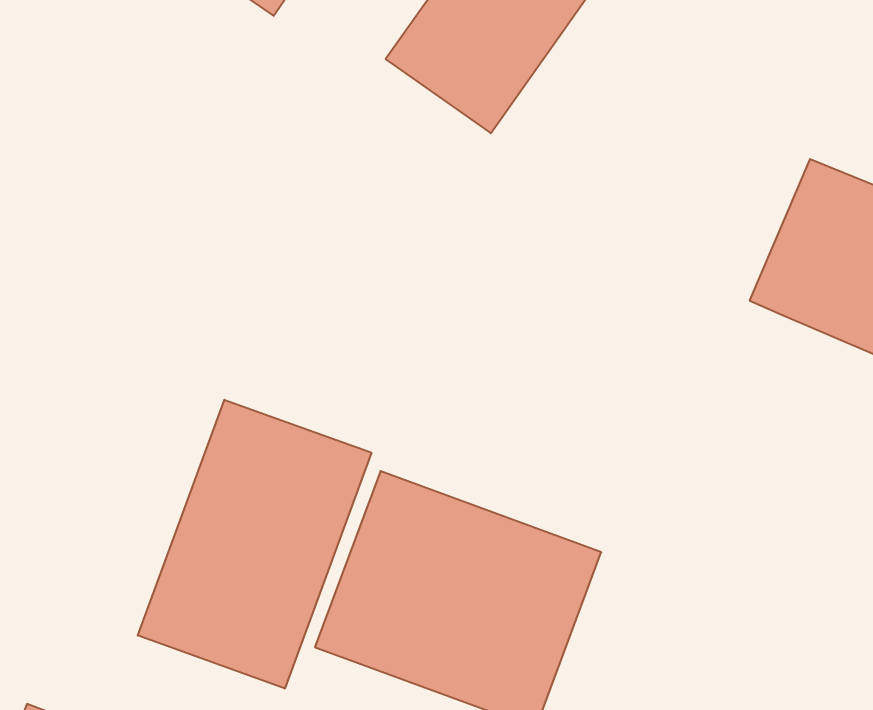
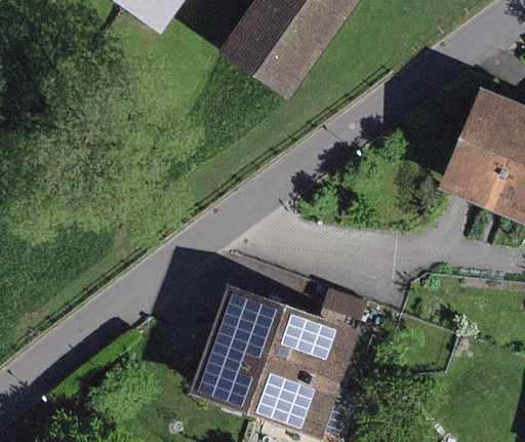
building: [138,400,371,689] -> none

